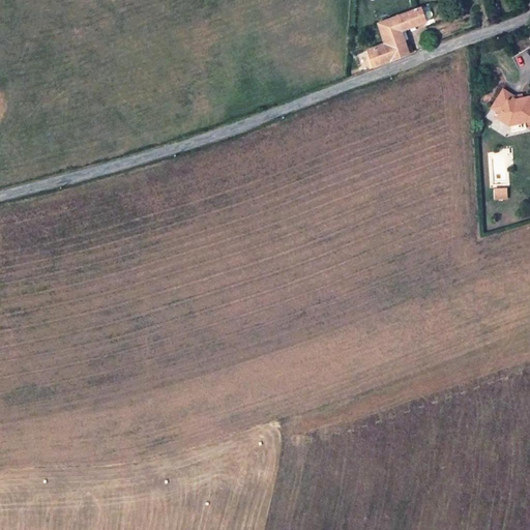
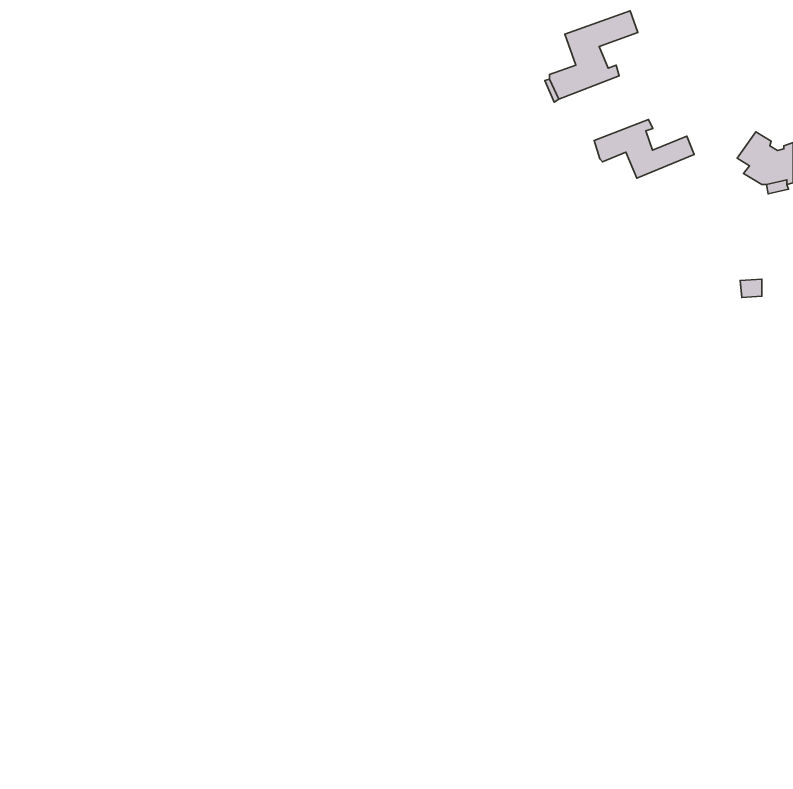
building: none -> [594,120,694,178]

